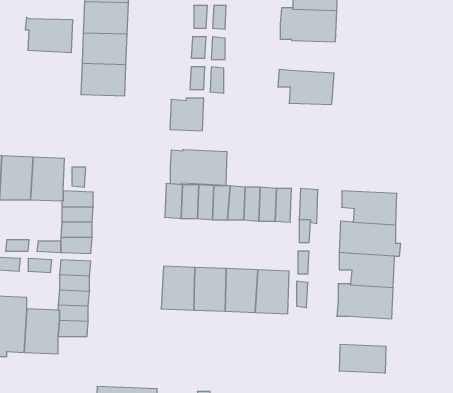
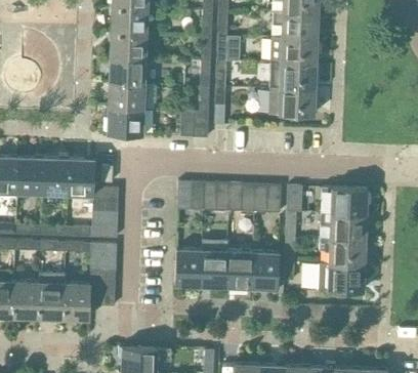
building: [25,17,73,53] -> [106,108,144,136]
building: none -> [270,64,317,91]
building: [170,149,227,185] -> none
building: [339,344,386,373] -> none

